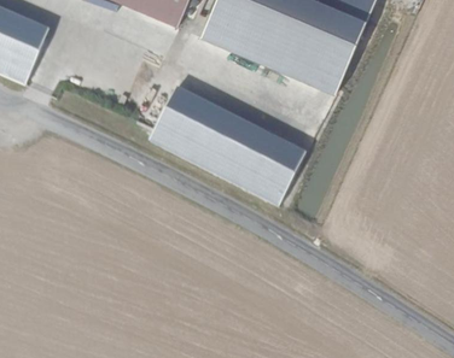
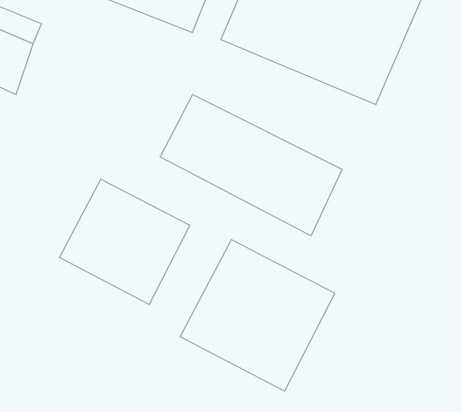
building: none -> [59,179,190,305]
building: none -> [180,240,335,391]

